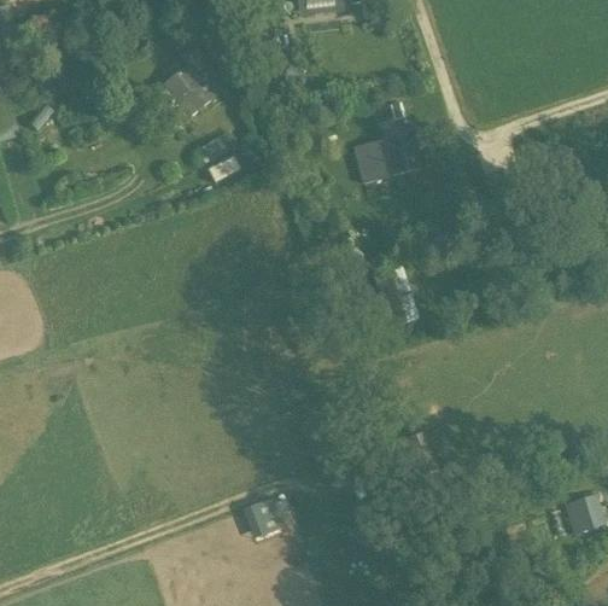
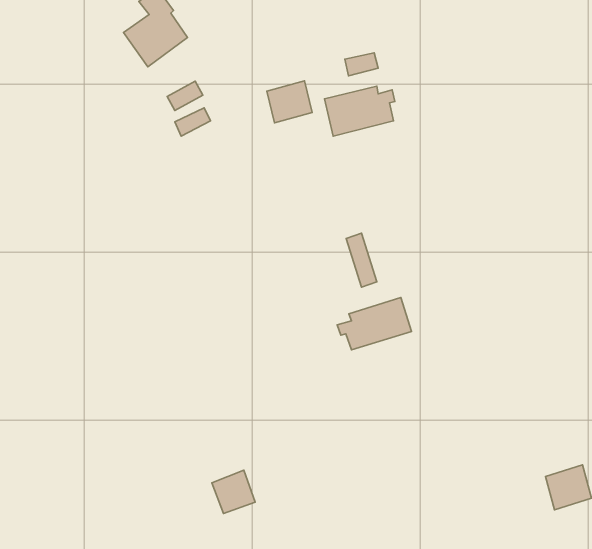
building: none -> [267,81,312,123]
building: none -> [337,298,412,350]

